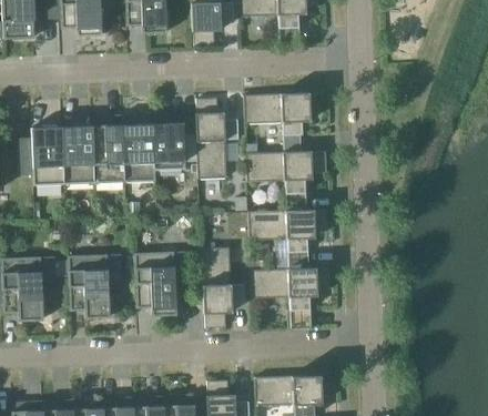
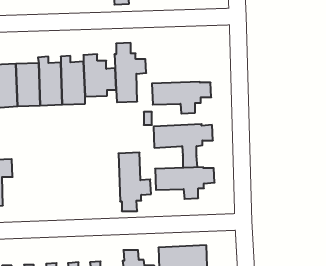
building: [245,92,312,135] -> none
building: [135,251,190,316] -> none
building: [69,254,123,318] -> none

